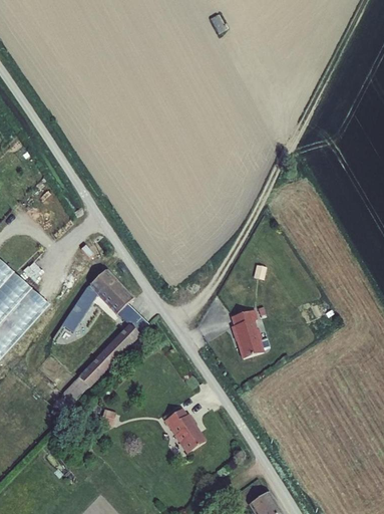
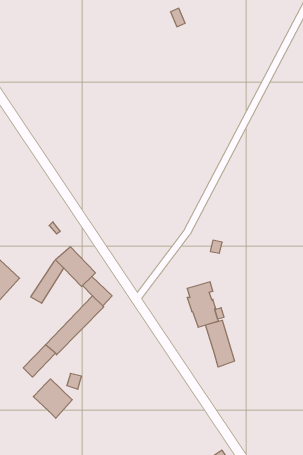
building: none -> [206,320,235,367]
building: [164,407,207,453] -> none
building: none -> [33,379,72,418]

